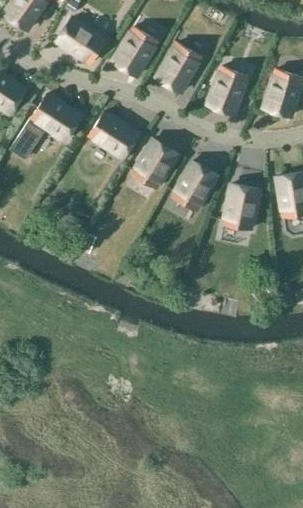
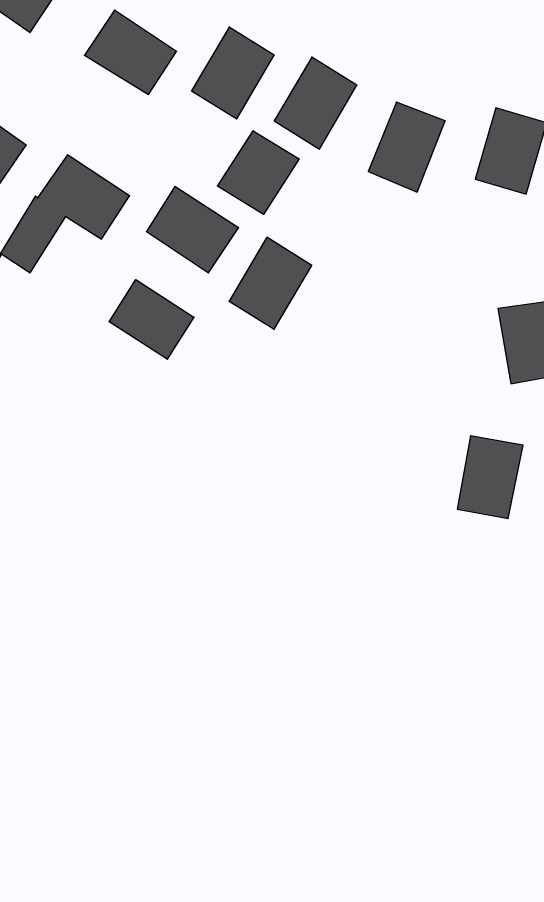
building: none -> [217,131,299,214]
building: [173,161,217,210] -> none
building: none -> [109,280,194,359]
building: [224,185,259,229] -> [457,436,523,519]

